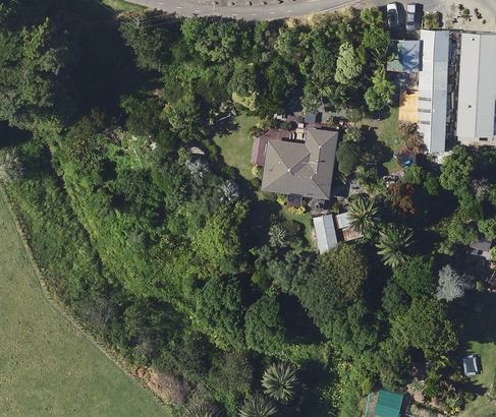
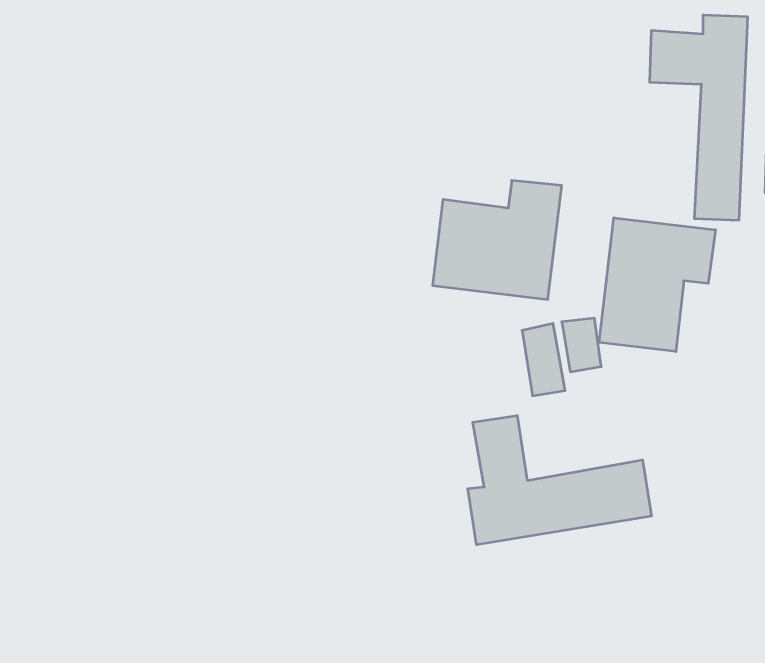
building: none -> [599,218,715,352]
building: none -> [468,416,651,545]

